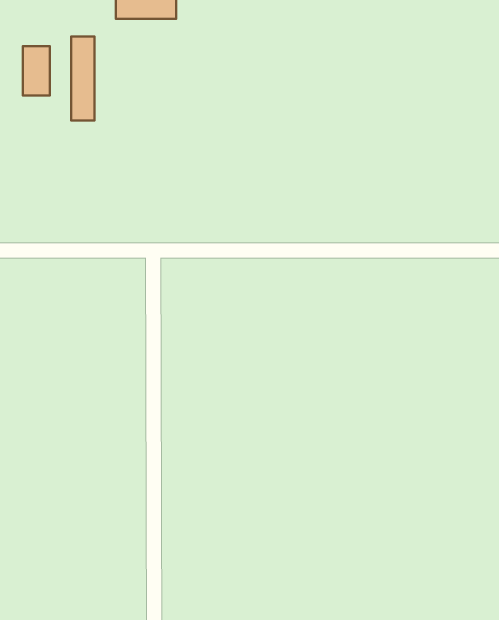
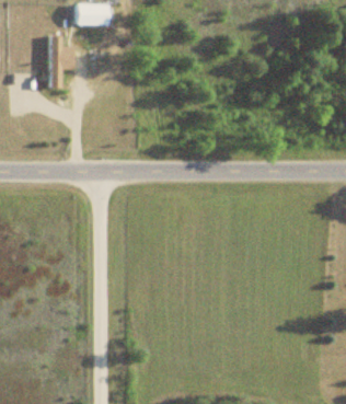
building: [23,46,50,95] -> none

